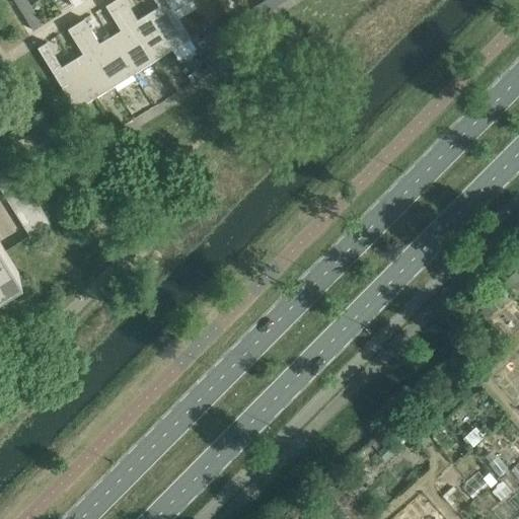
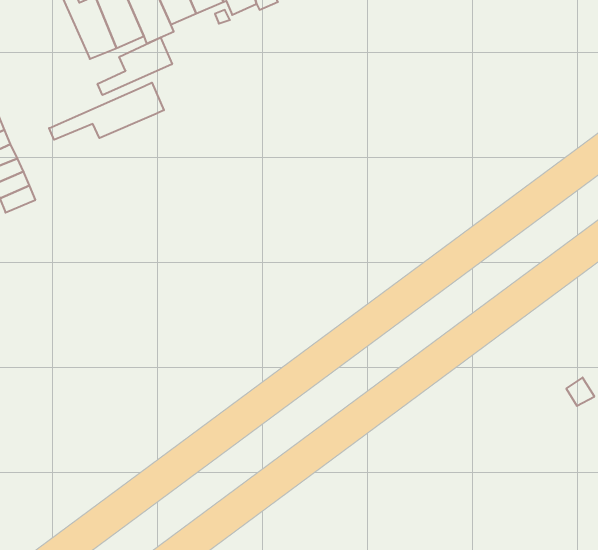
building: none -> [98,37,172,95]
building: none -> [49,83,164,140]

